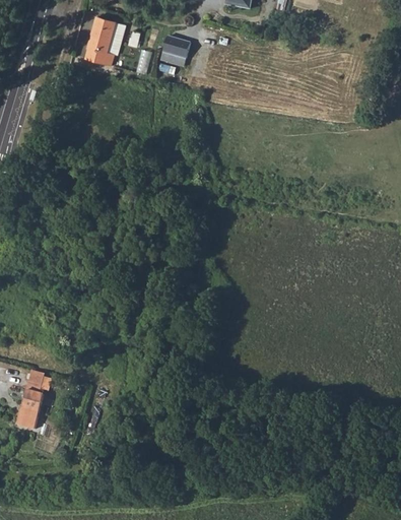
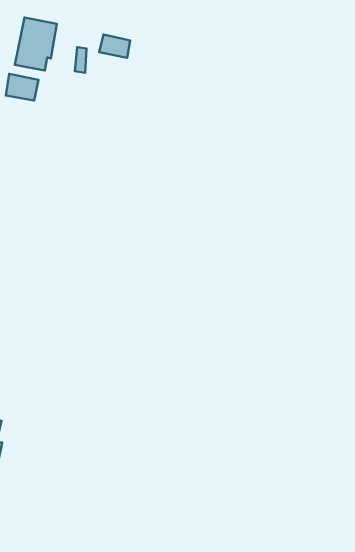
building: none -> [6,74,39,101]

